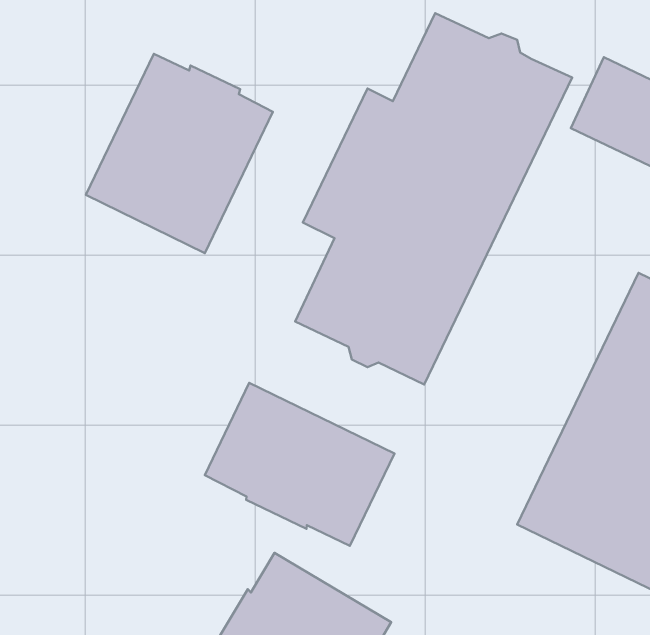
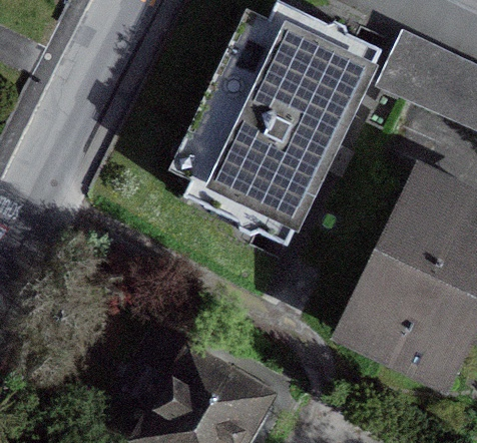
building: [86,54,273,253] -> none
building: [205,383,395,546] -> none

